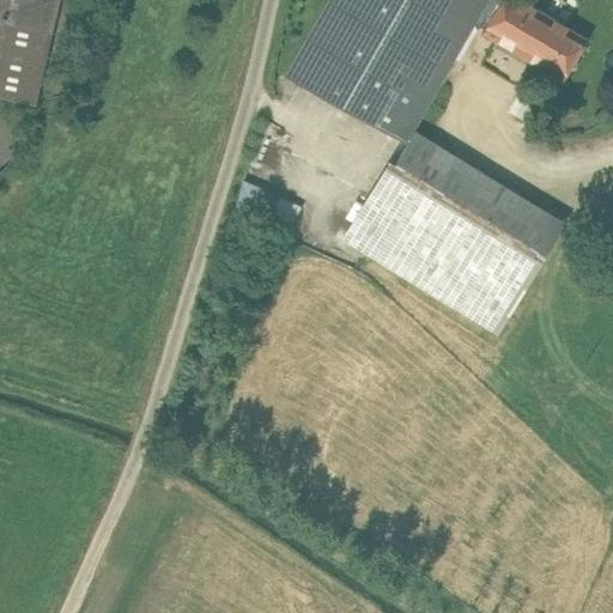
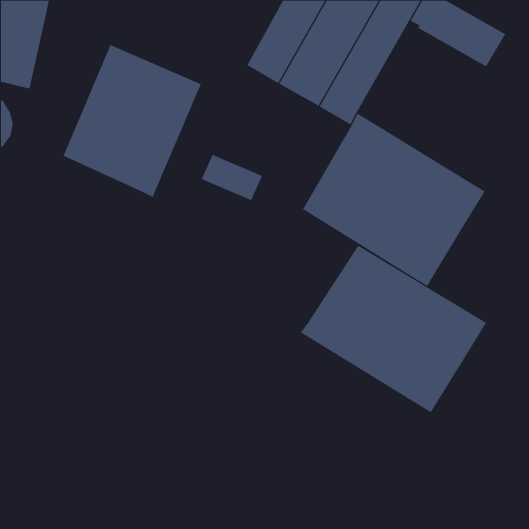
building: none -> [63,44,202,198]
building: none -> [300,245,487,413]

